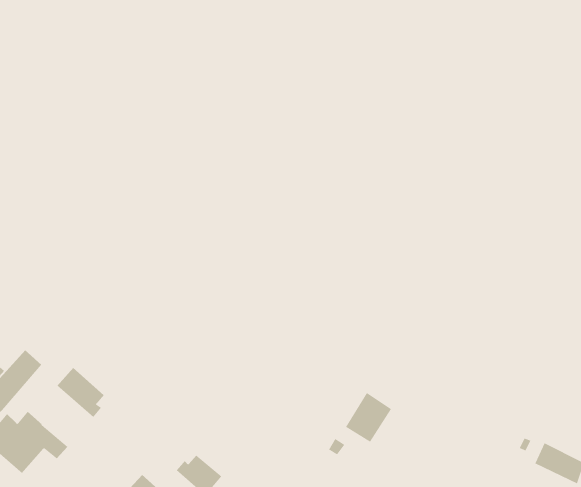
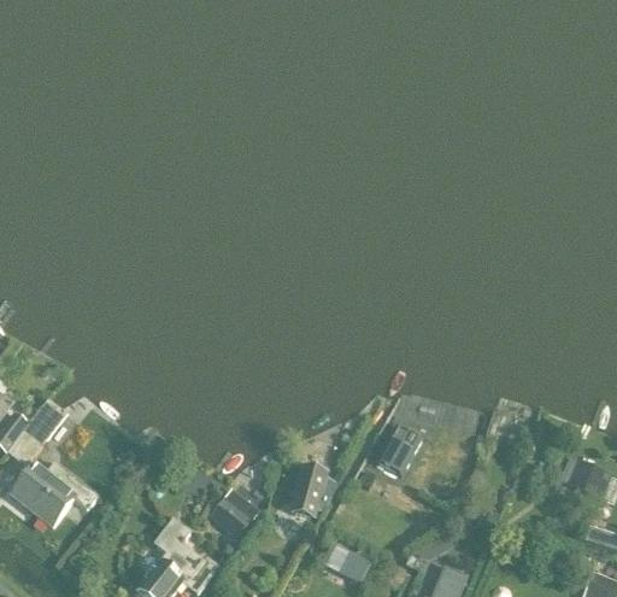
building: [57,367,105,418] -> none
building: none -> [289,464,337,517]

